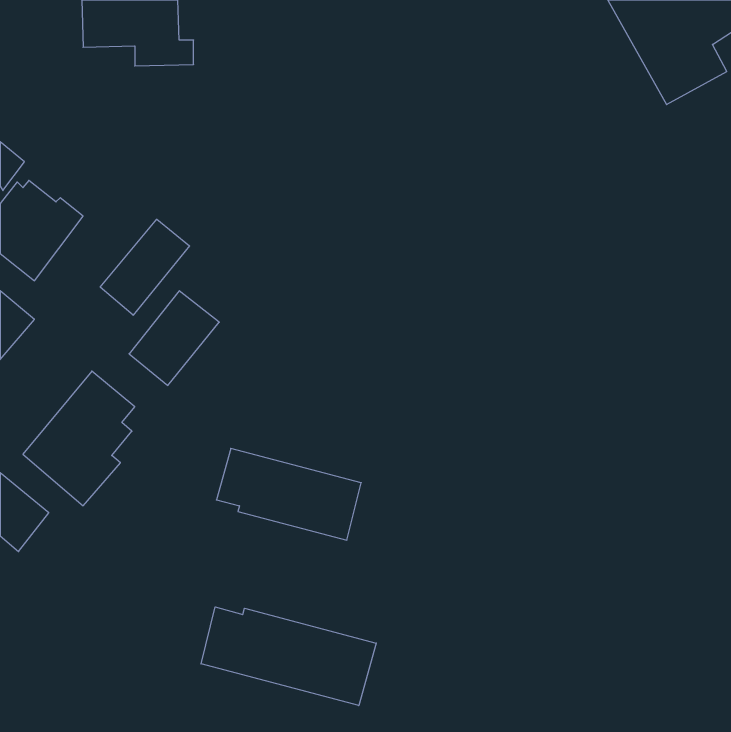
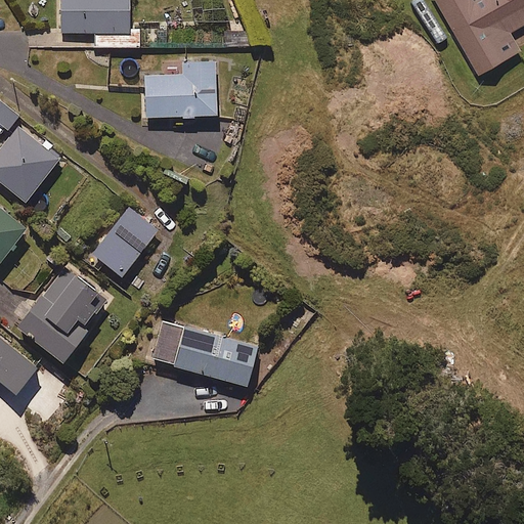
building: none -> [144,61,215,117]
building: [100,219,190,315] -> none
building: [201,607,376,706] -> none

